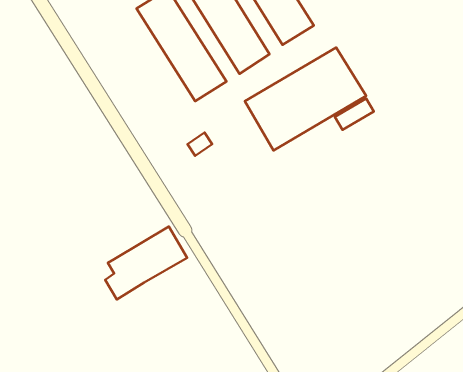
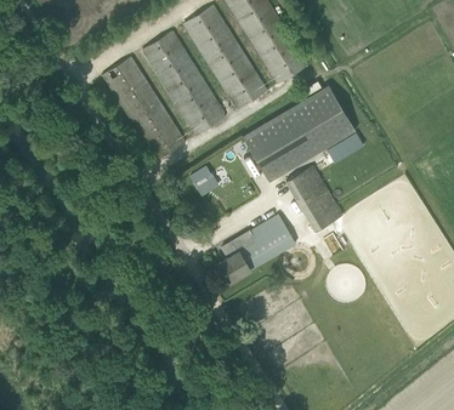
building: none -> [102,56,185,160]
building: none -> [285,165,342,230]
building: [105,226,187,299] -> [219,213,295,281]

